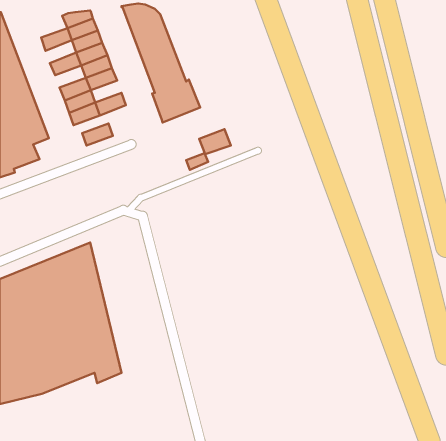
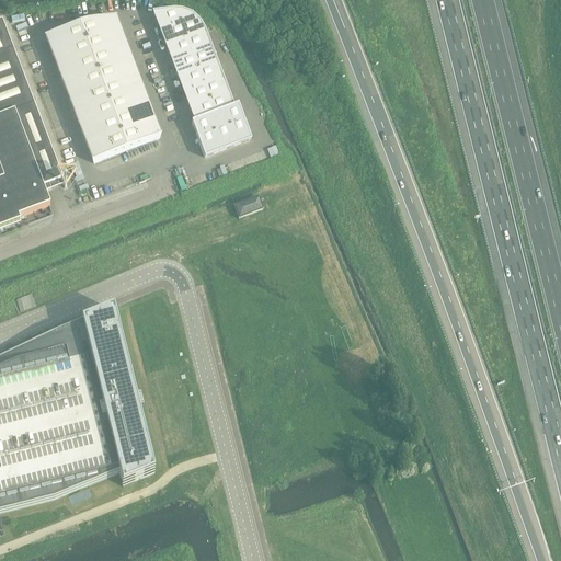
building: none -> [45,20,84,47]
building: none -> [57,50,95,79]
building: none -> [69,82,107,110]
building: [82,124,113,145] -> [114,101,152,128]
building: [199,129,231,154] -> none

